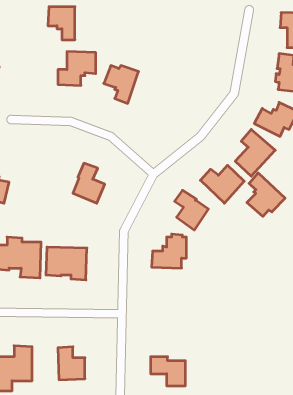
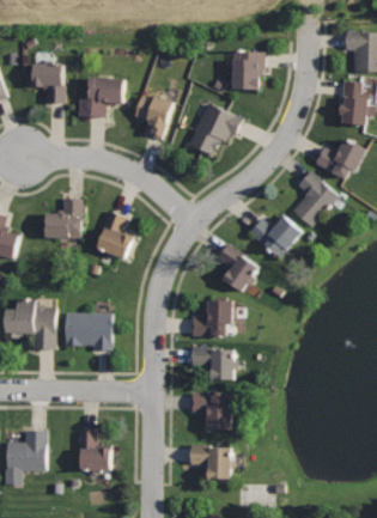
building: [48,7,75,40] -> [30,63,62,103]
building: none -> [231,50,263,90]
building: none -> [188,103,241,156]
building: none -> [44,199,81,238]
building: [247,173,285,216] -> none
building: none -> [189,347,233,380]
building: none -> [189,394,231,431]

